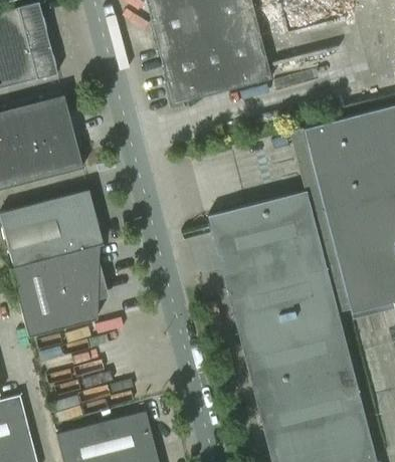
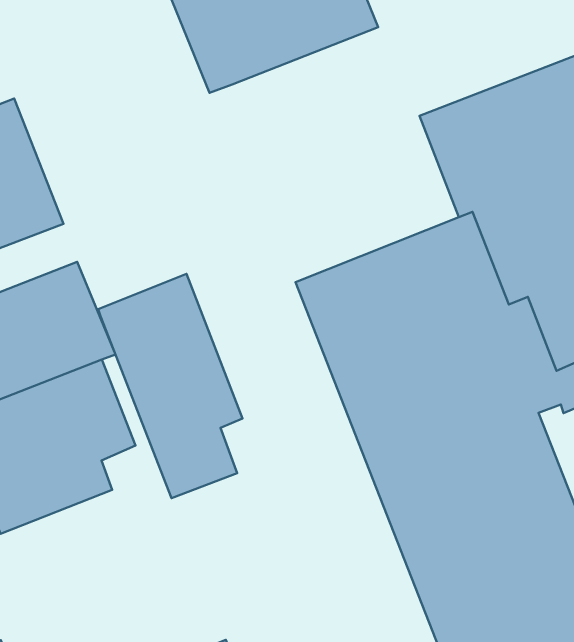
building: none -> [98,274,242,498]

